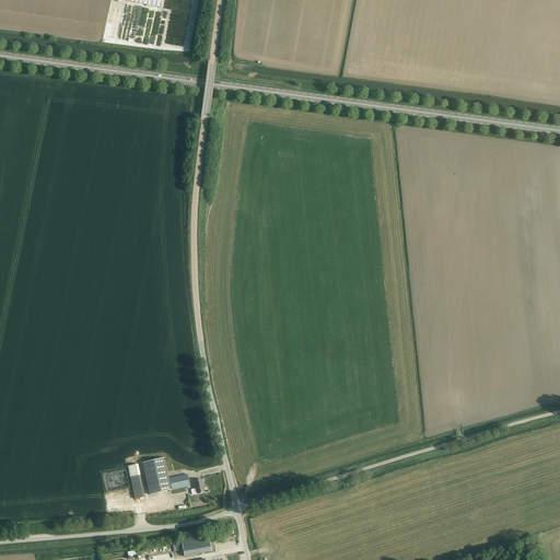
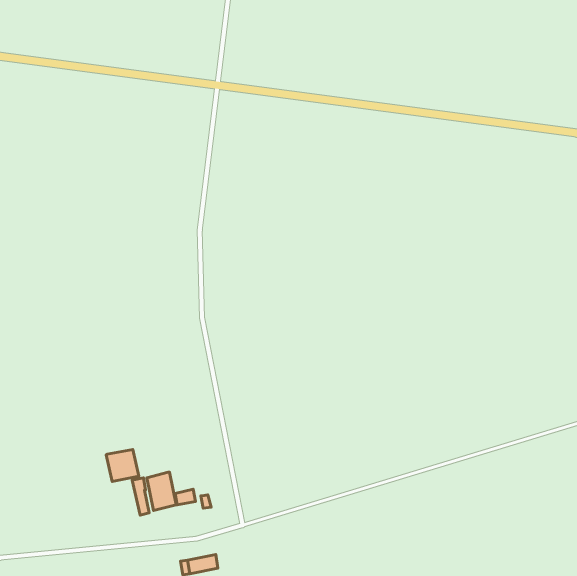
building: none -> [106,450,139,482]

